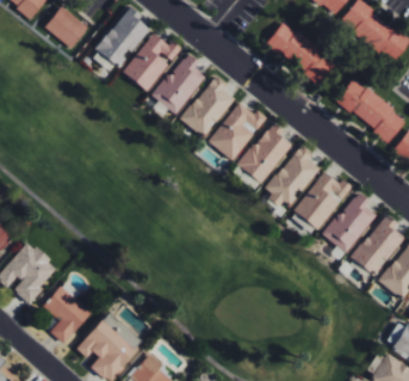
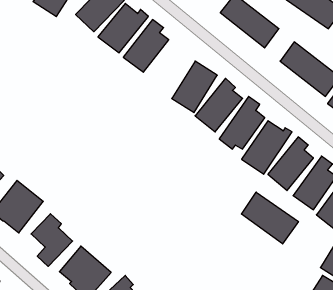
building: [179,78,236,137] -> none
building: none -> [241,192,298,244]

